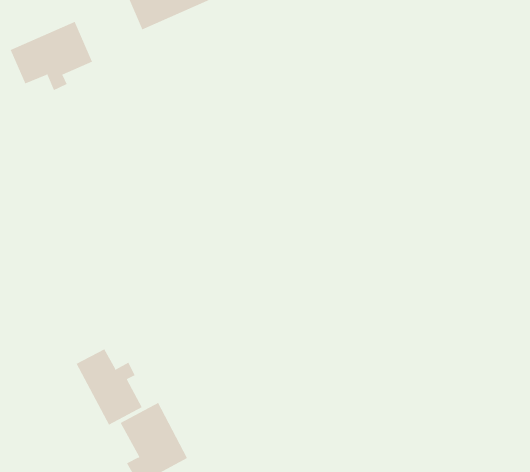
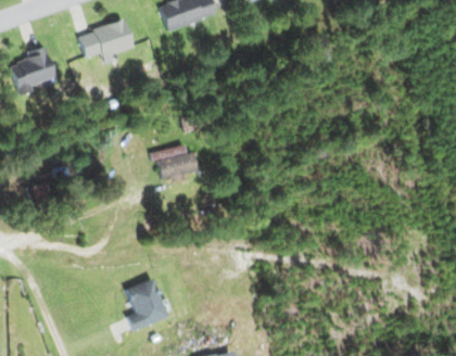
building: none -> [151,144,198,182]
building: [76,349,142,426] -> none

